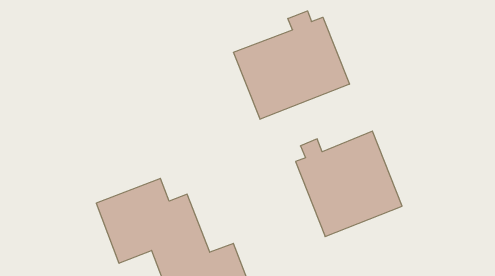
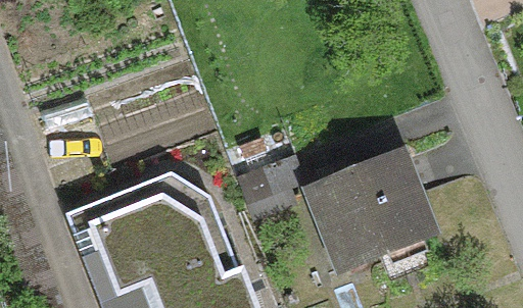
building: [234,11,349,119] -> none

